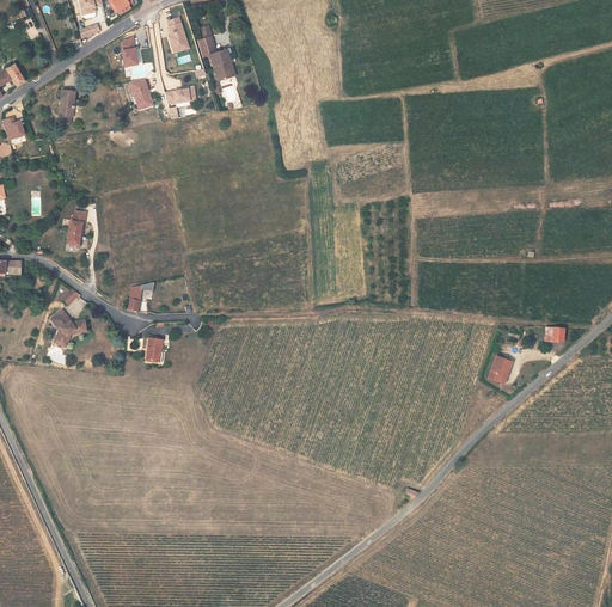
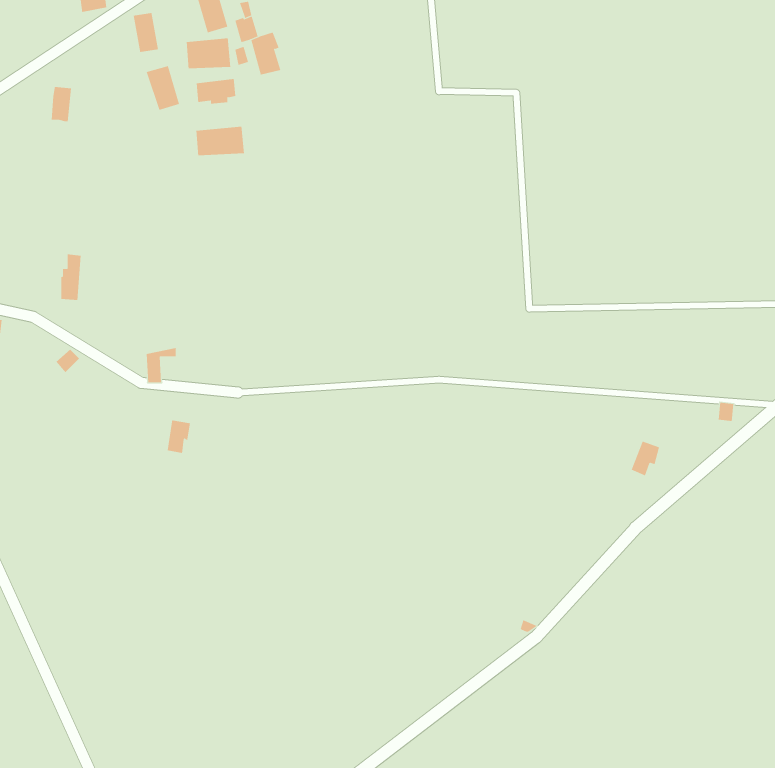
building: none -> [186,38,231,69]
building: none -> [196,126,244,156]
building: [48,308,81,344] -> none

